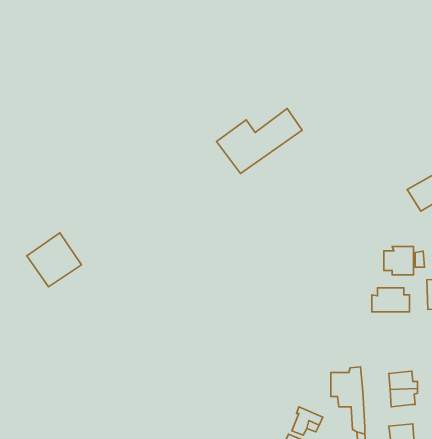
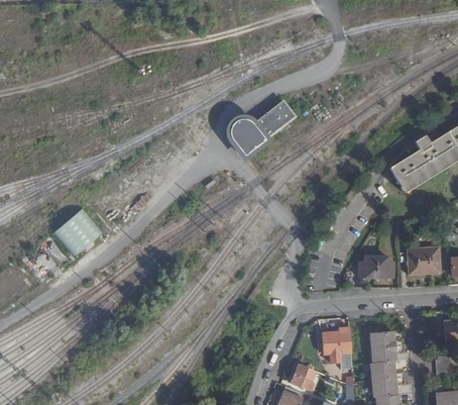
building: [384,247,414,275] -> none
building: none -> [373,360,395,379]

